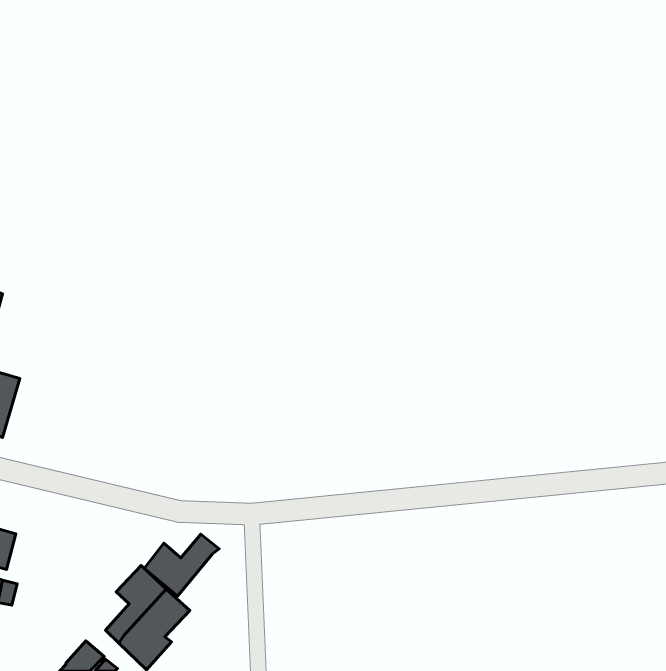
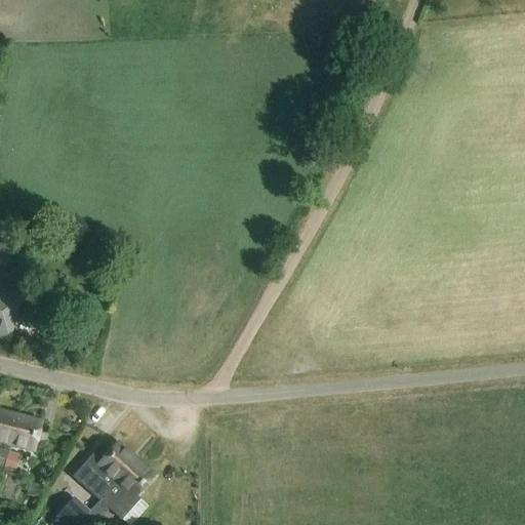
building: none -> [5,415,36,450]
building: [144,534,219,596] -> none

